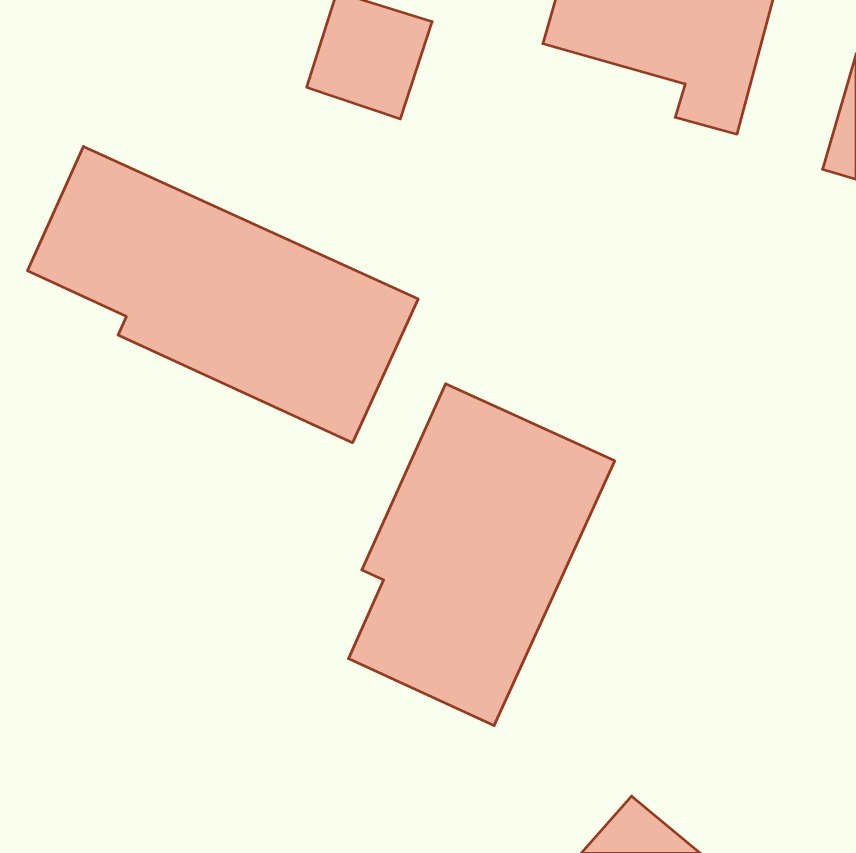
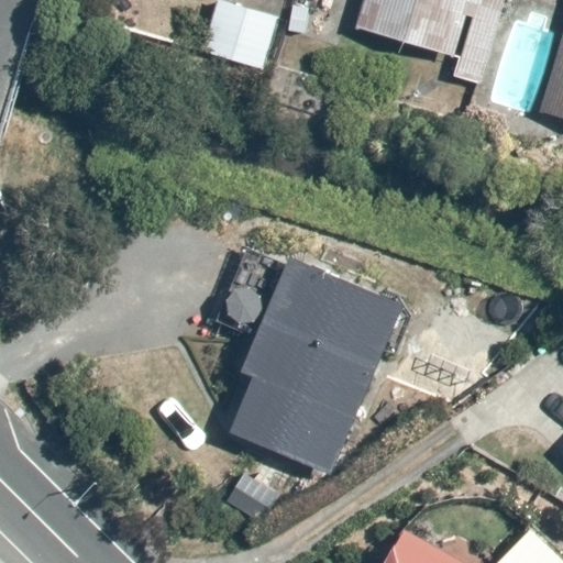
building: [28,146,418,443] -> none

